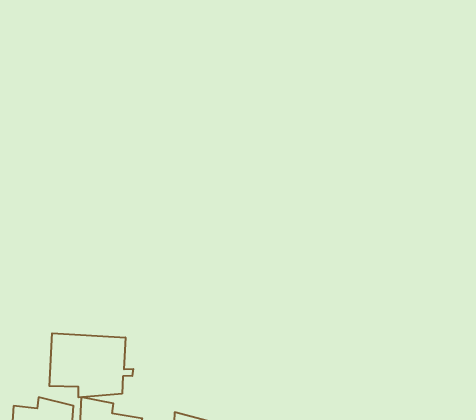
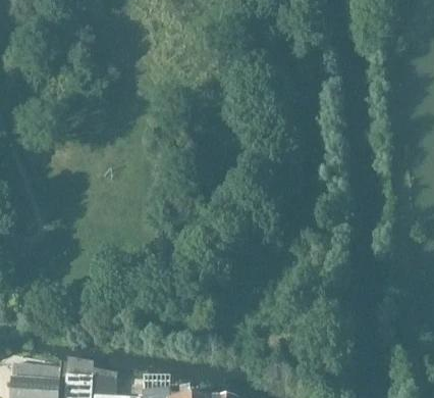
building: [49,333,133,397] -> none

